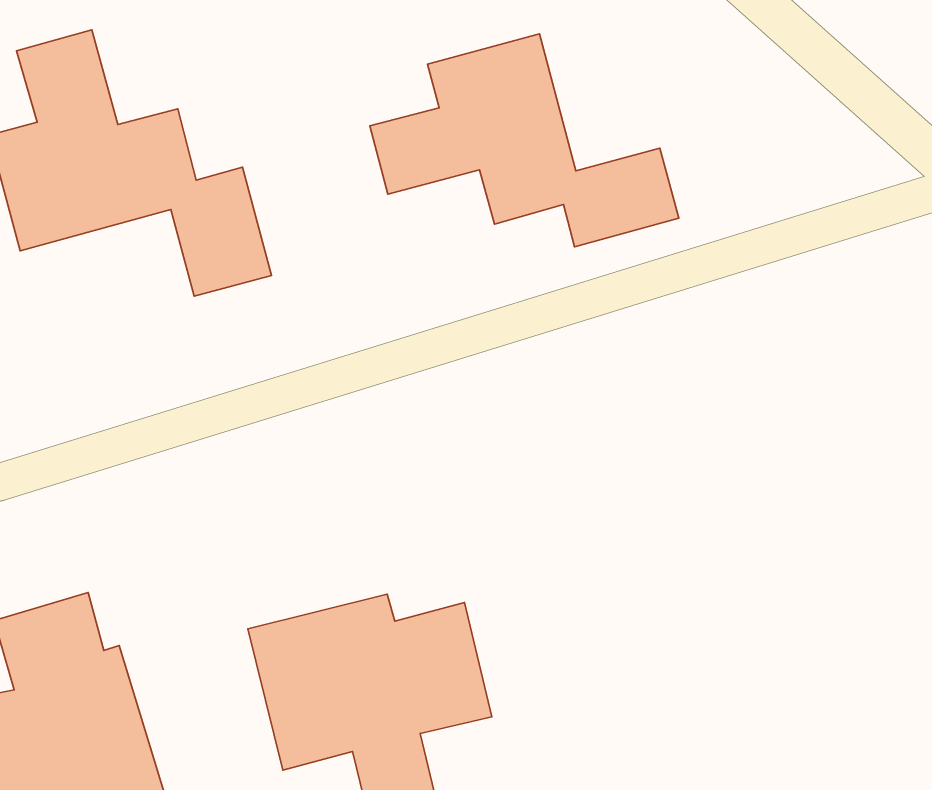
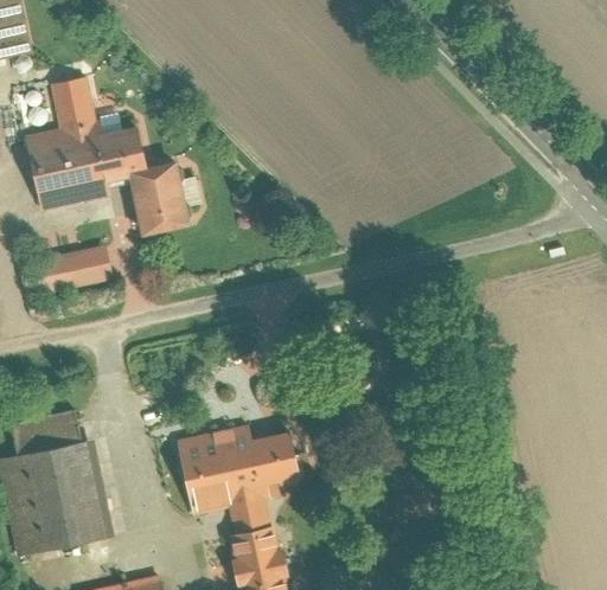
building: [370,34,679,247] -> none
building: none -> [52,241,109,287]

